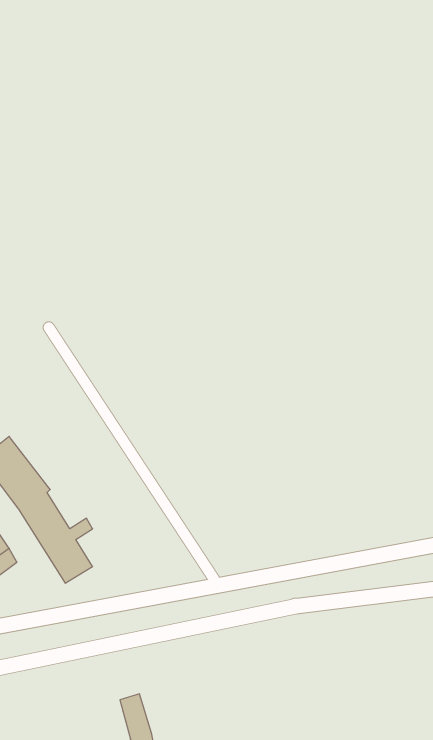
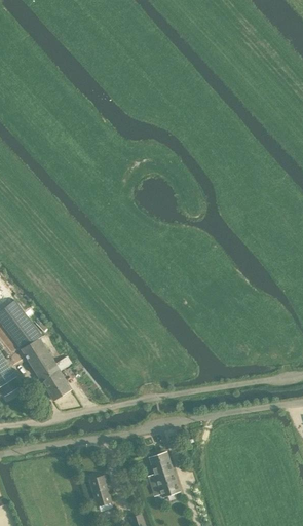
building: none -> [148,452,179,496]

